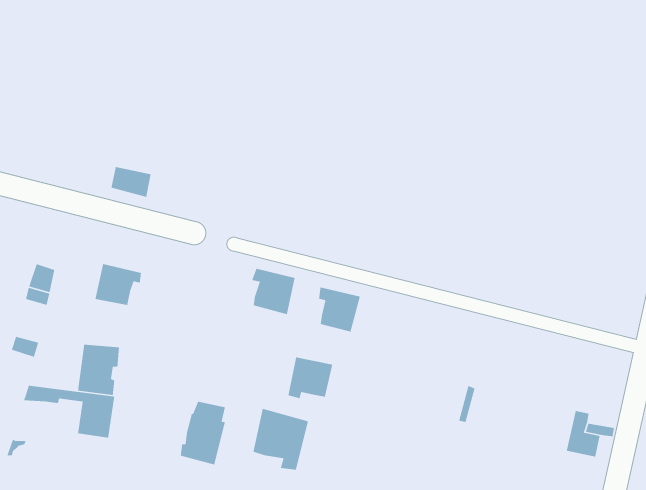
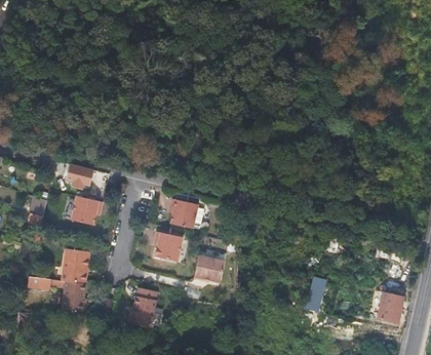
building: [110,166,151,198] -> [67,165,93,186]
building: [318,287,361,332] -> [159,233,187,263]
building: [253,408,309,470] -> none

